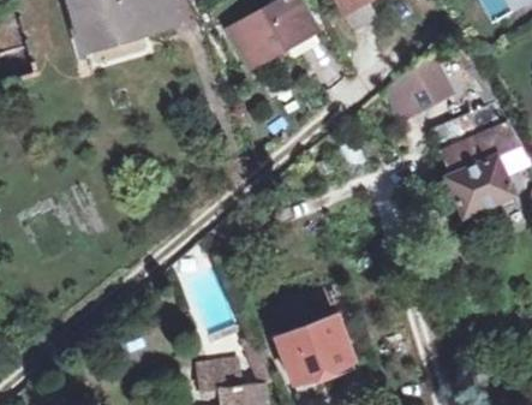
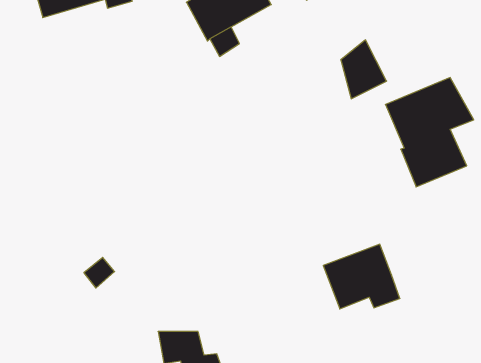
building: [412,52,455,109] -> none
building: [276,317,354,383] -> [323,244,400,309]

